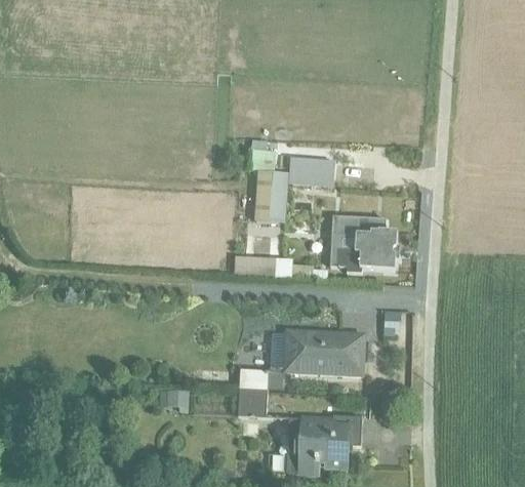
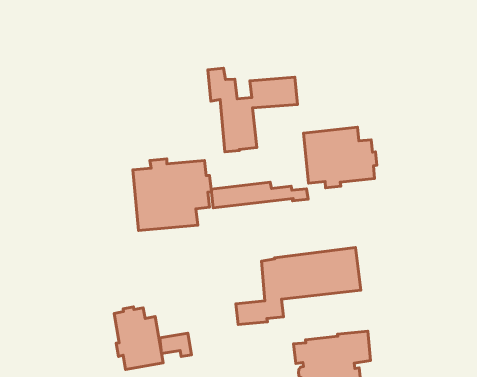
building: none -> [133,159,211,231]
building: none -> [114,307,163,369]
building: [238,390,268,417] -> none

